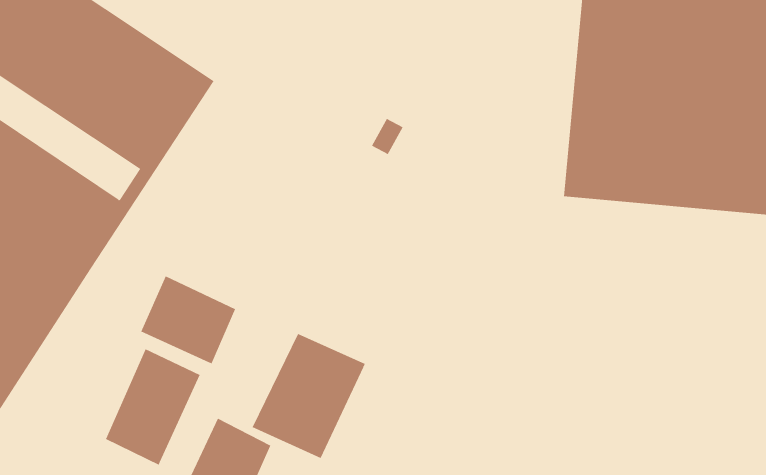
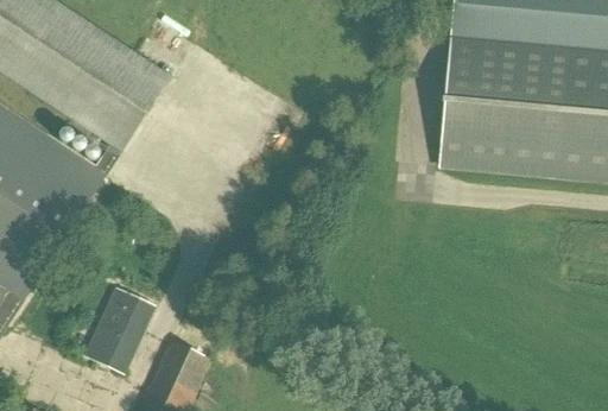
building: [140,275,236,364] -> none
building: [252,333,366,459] -> none

